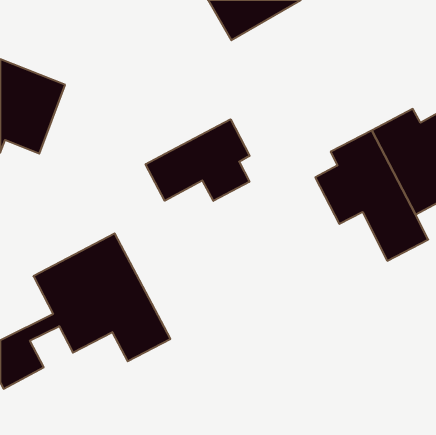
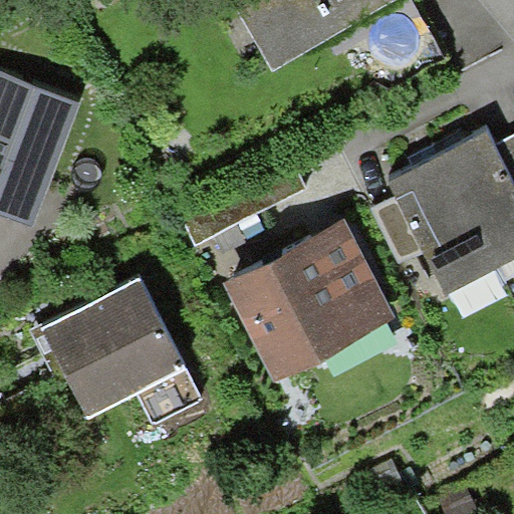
building: [146,119,250,201] -> none
building: none -> [234,227,387,369]

